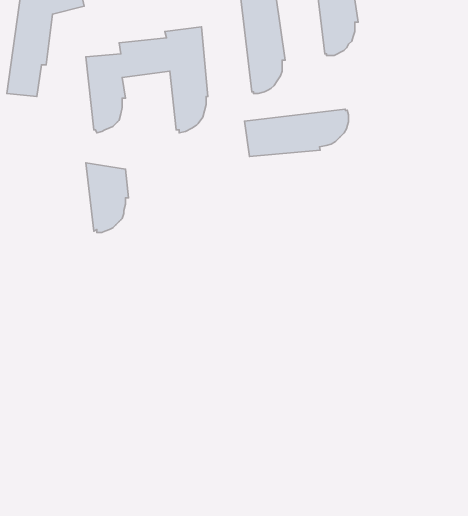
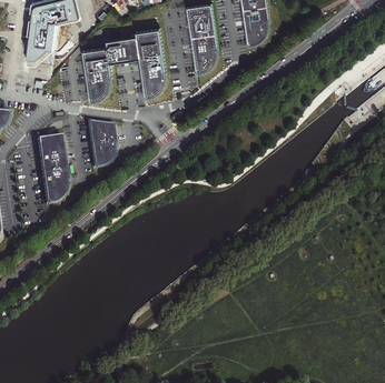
building: [244,109,348,157] -> none
building: none -> [37,127,69,202]

